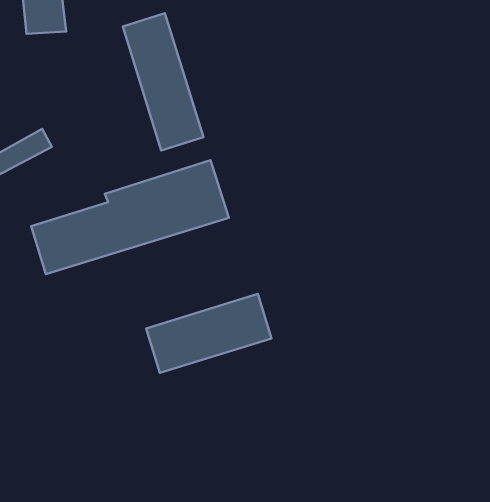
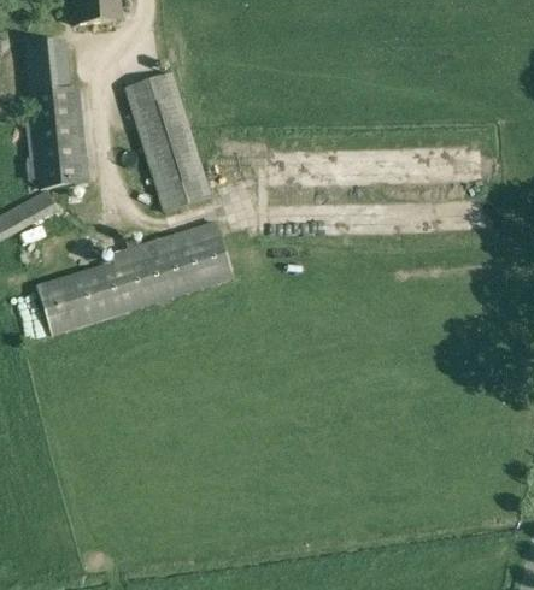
building: none -> [31,90,87,188]
building: [146,294,272,373] -> none

